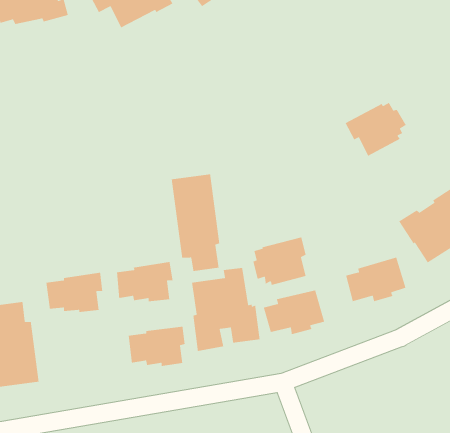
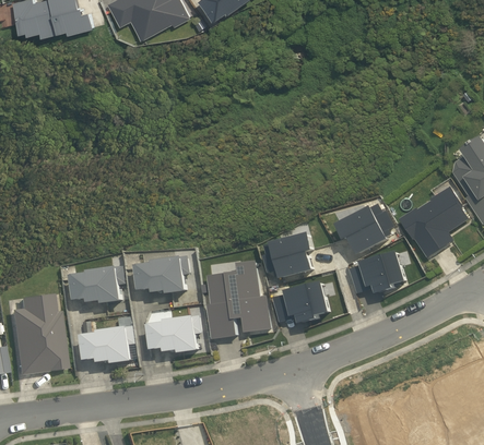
building: [344,102,407,157] -> [338,204,396,255]
building: [171,173,220,272] -> none
building: none -> [82,315,135,363]

